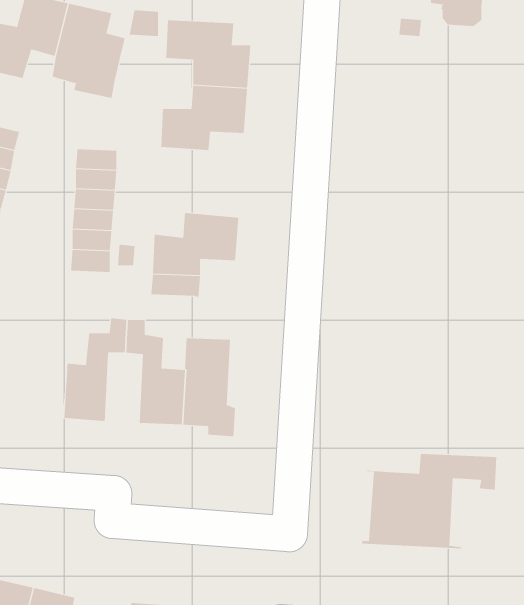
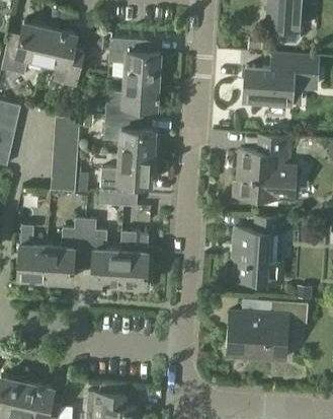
building: none -> [245,55,311,106]
building: none -> [103,116,155,158]
building: none -> [233,137,297,200]
building: none -> [233,217,285,280]
building: none -> [18,225,49,280]

